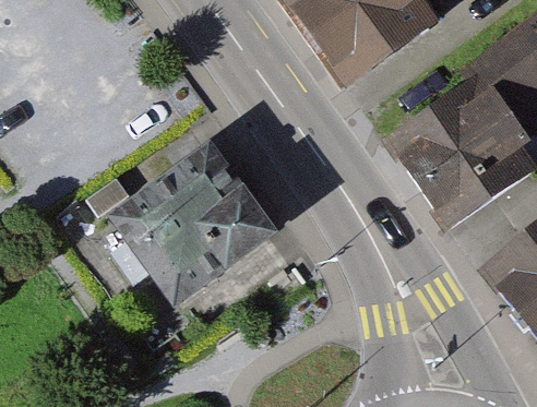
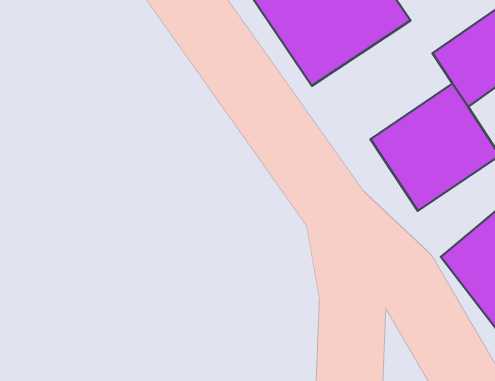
building: [108,125,279,296] -> none

